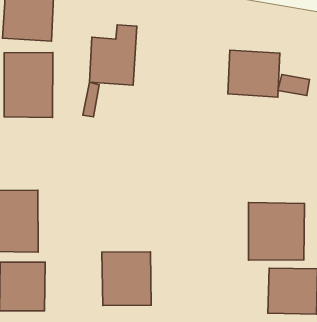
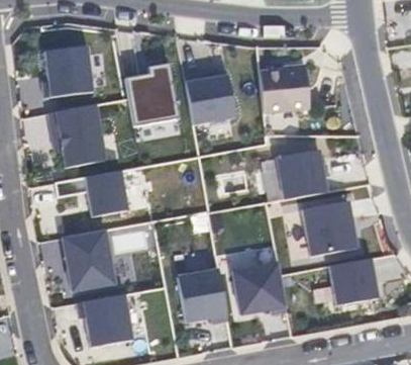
building: none -> [184,72,237,123]
building: none -> [86,169,127,216]
building: none -> [274,145,329,201]
building: none -> [234,262,284,313]

